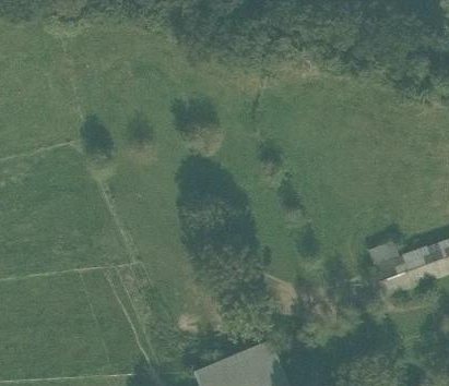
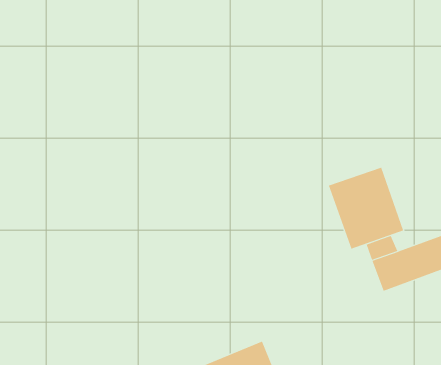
building: none -> [328,167,404,250]

